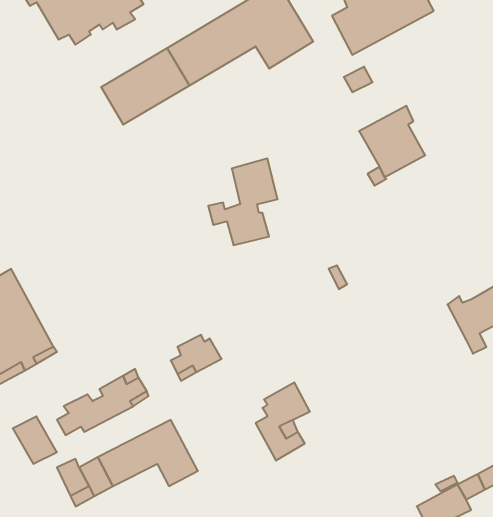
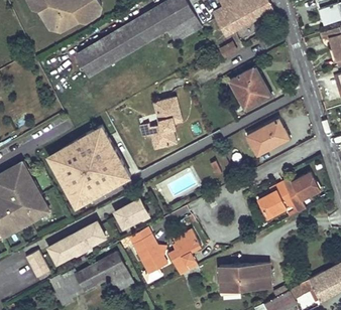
building: none -> [248,120,289,154]
building: none -> [49,125,130,205]
building: none -> [258,183,294,217]
building: none -> [121,227,166,284]
building: none -> [220,263,272,288]

